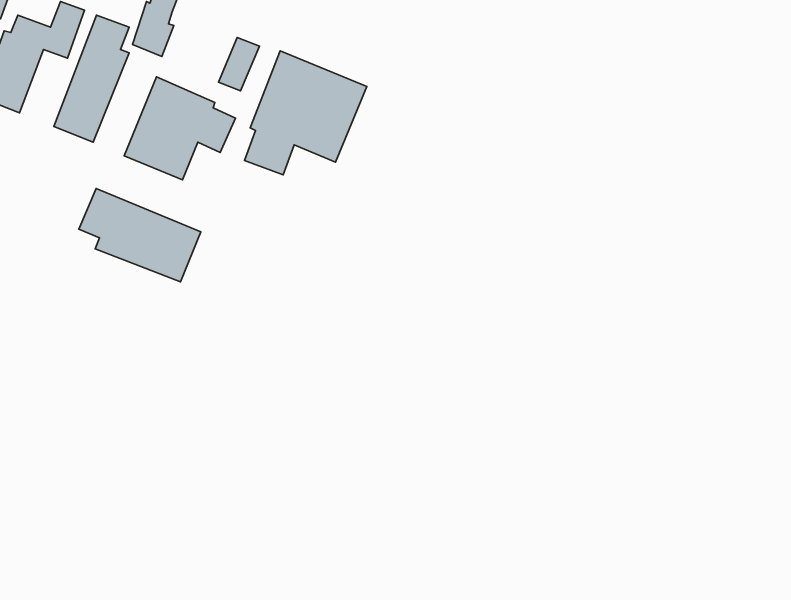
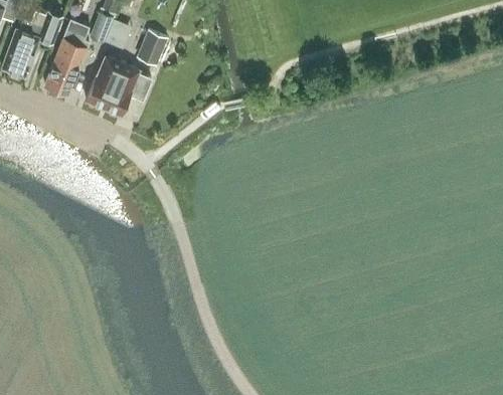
building: [244,51,367,175] -> none
building: [79,189,201,282] -> none

